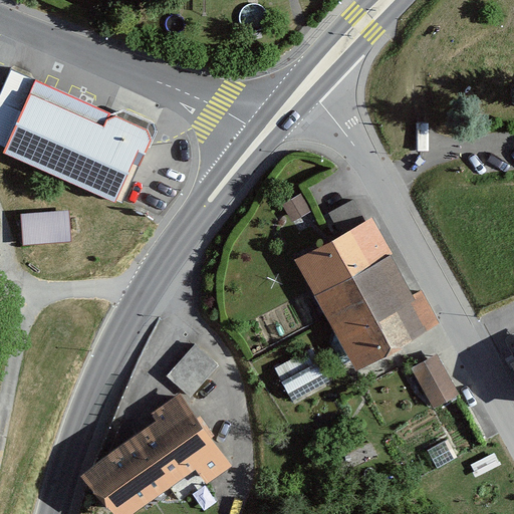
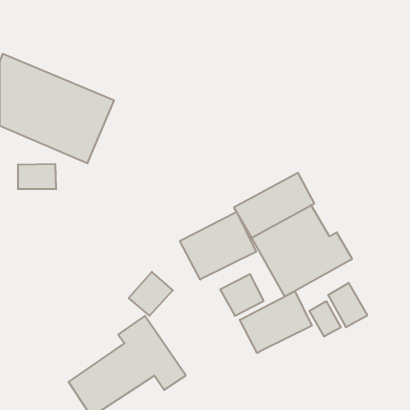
building: none -> [180,212,256,280]
building: none -> [240,291,312,353]
building: none -> [309,301,341,337]

